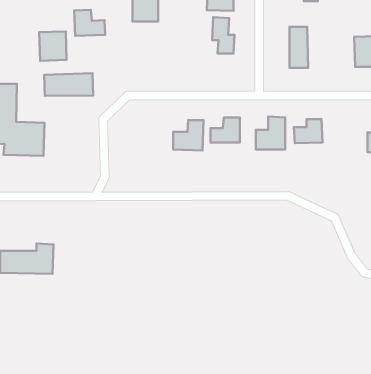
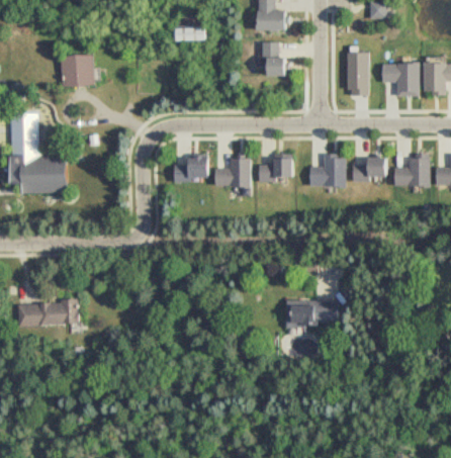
building: [74,10,105,36] -> none
building: none -> [383,58,419,101]
building: [44,73,93,96] -> none
building: none -> [175,152,209,183]
building: none -> [395,153,433,184]
building: none -> [284,297,337,330]

